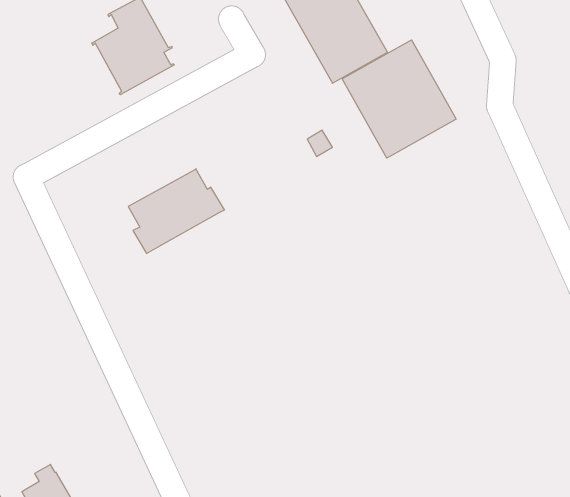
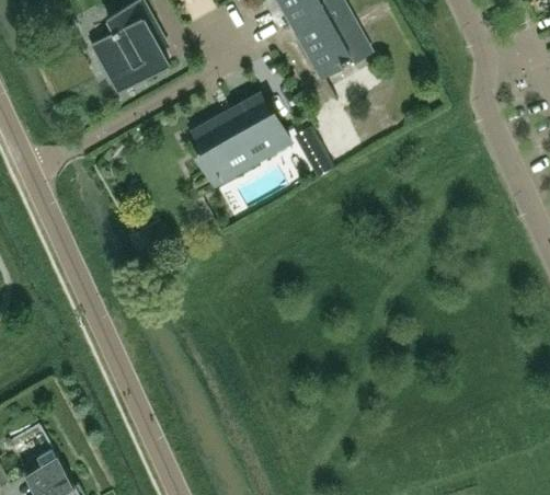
building: [342,40,456,158] -> none
building: [128,169,225,253] -> [194,95,286,176]

